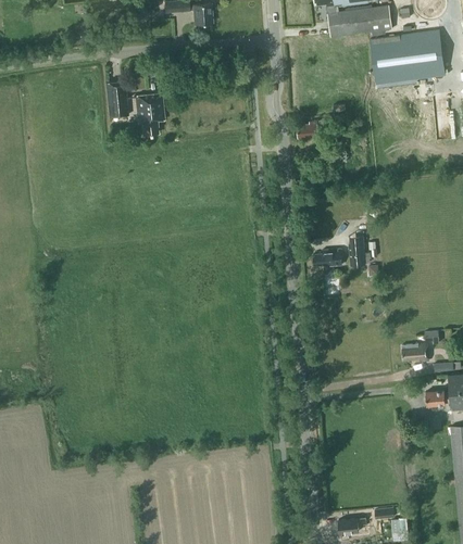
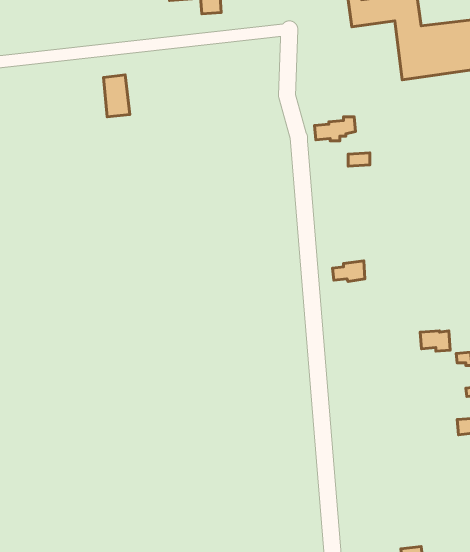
building: [134,93,163,135] -> none
building: [348,236,371,266] -> none
building: [400,344,427,363] -> [420,331,450,351]

